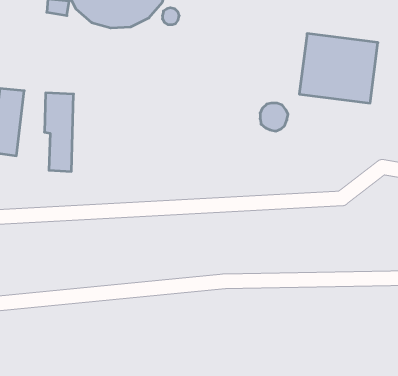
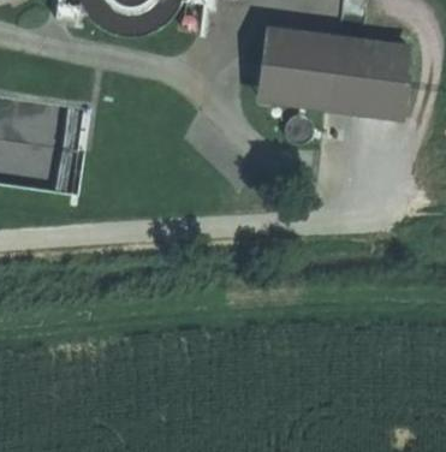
building: none -> [258,34,332,107]

